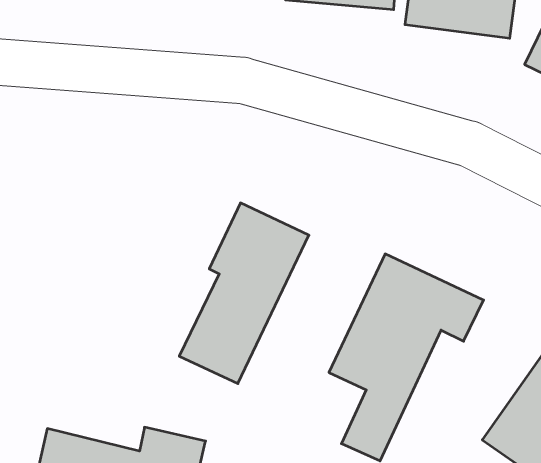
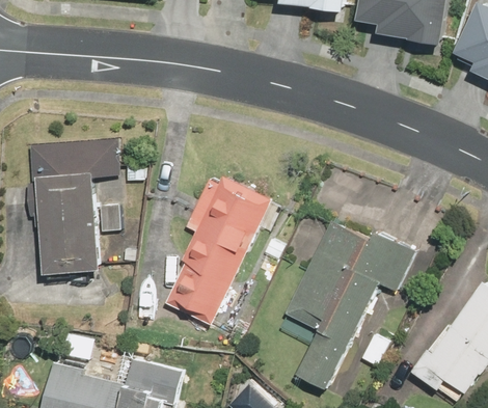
building: none -> [32,139,128,274]

